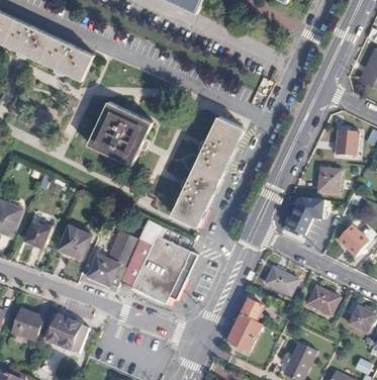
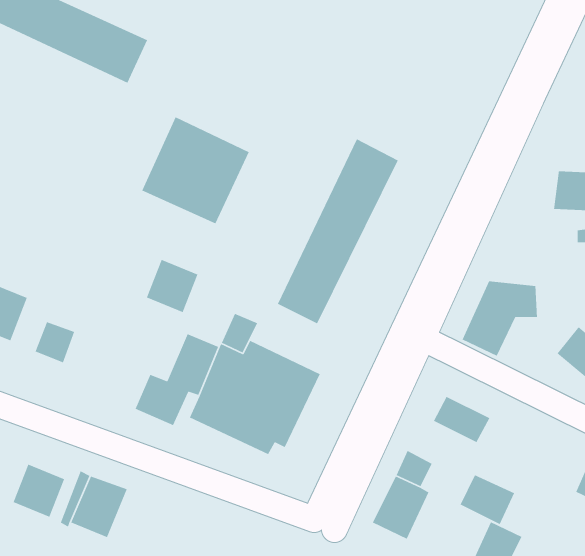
building: [318,169,341,193] -> none
building: [60,225,91,258] -> [146,259,199,313]
building: [306,286,340,316] -> [459,474,515,525]

